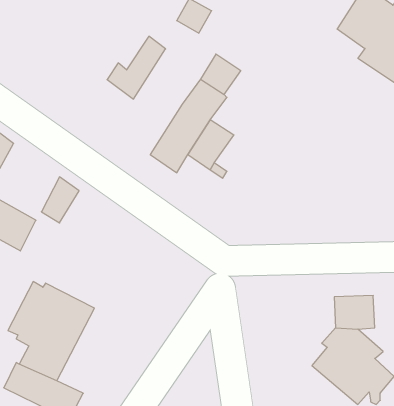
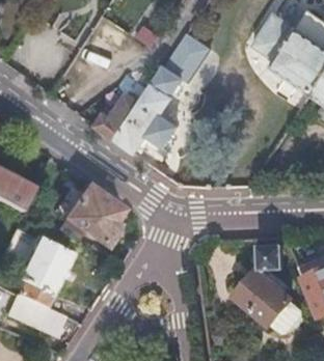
building: none -> [164,31,210,80]
building: [107,36,166,99] -> [96,92,139,139]
building: none -> [64,184,124,248]

